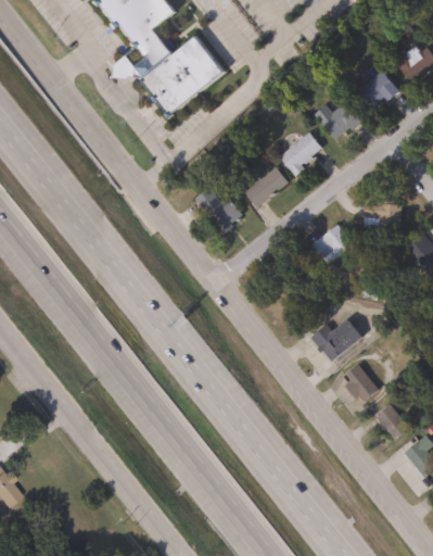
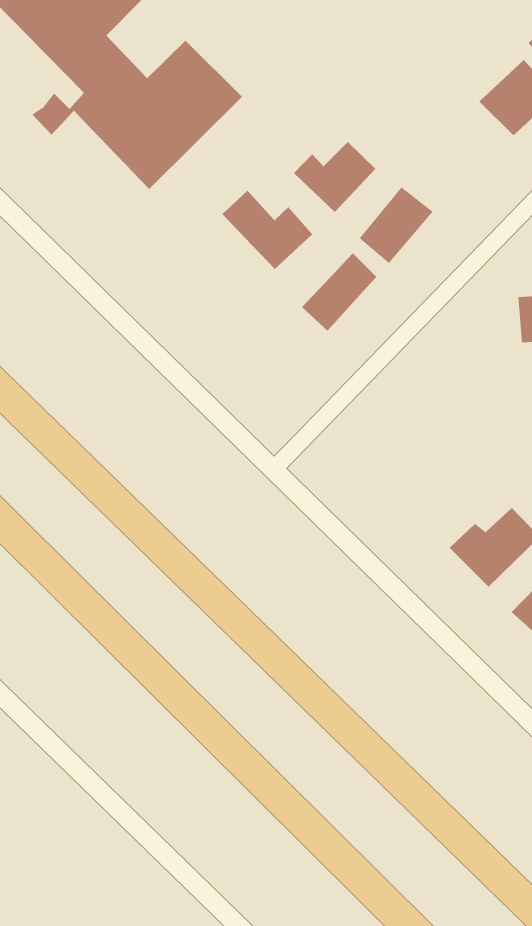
building: [316,100,362,139] -> [293,141,376,213]
building: [193,186,243,232] -> [221,190,313,270]
building: [313,224,354,264] -> none

